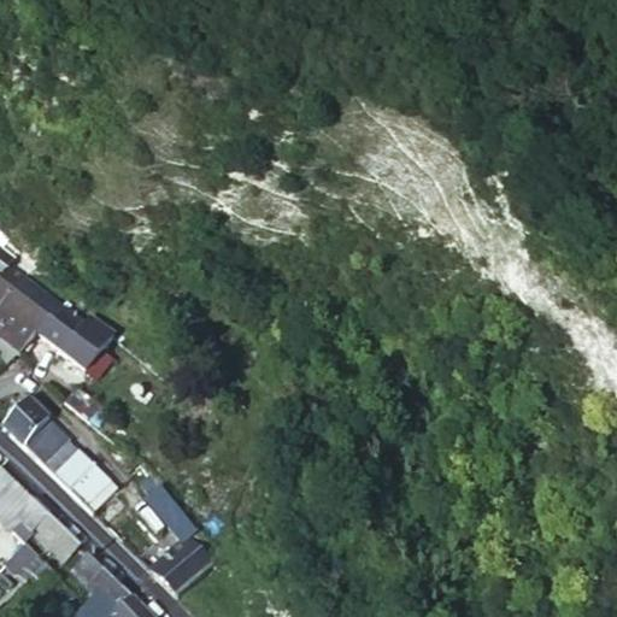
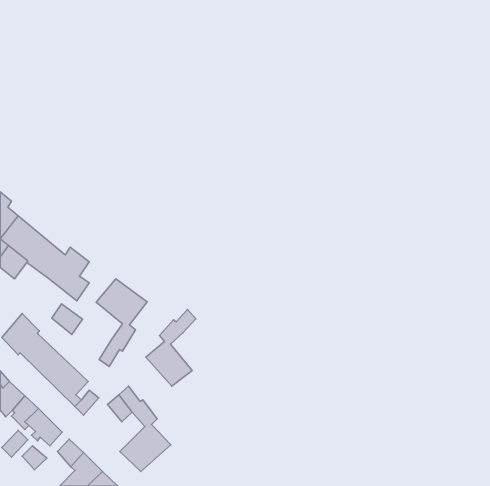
building: none -> [96,279,147,367]
building: none -> [146,310,196,386]

